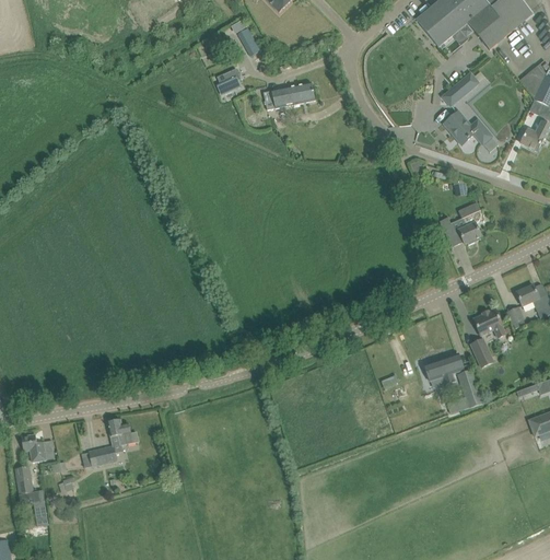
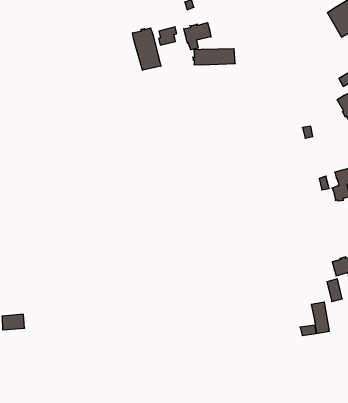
building: none -> [184,23,211,50]
building: none -> [133,28,161,70]
building: [423,353,463,383] -> none
building: [107,419,138,445] -> none

